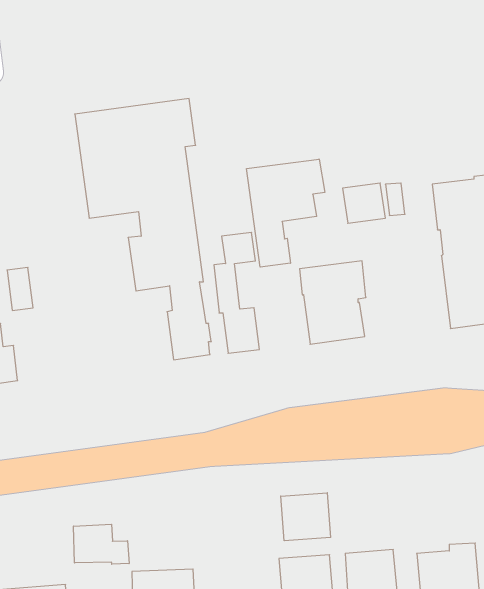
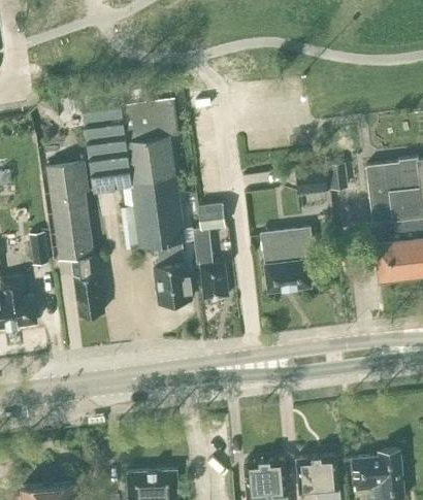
building: [247,159,325,267] -> none
building: none -> [47,163,103,318]
building: [281,493,331,541] -> none
building: [74,524,129,564] -> none

